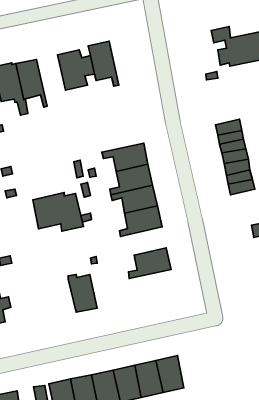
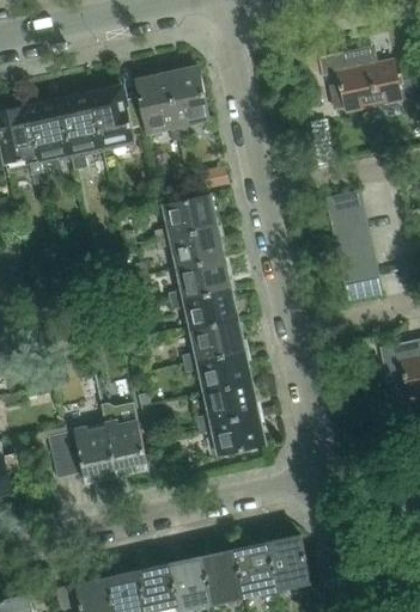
building: none -> [166,66,209,139]
building: none -> [59,93,102,170]
building: none -> [153,194,218,238]
building: [33,193,84,231] -> [42,426,117,483]
building: none -> [183,349,251,391]
building: none -> [196,412,266,454]
building: none -> [268,533,310,588]

